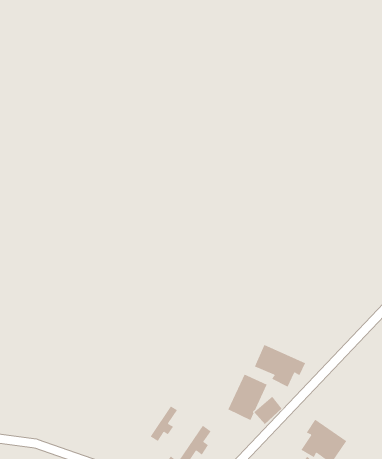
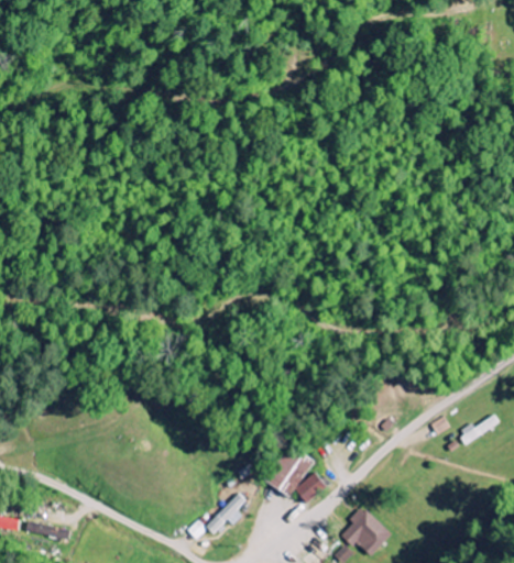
building: [254,344,306,387] -> none
building: [150,405,178,442] -> none

